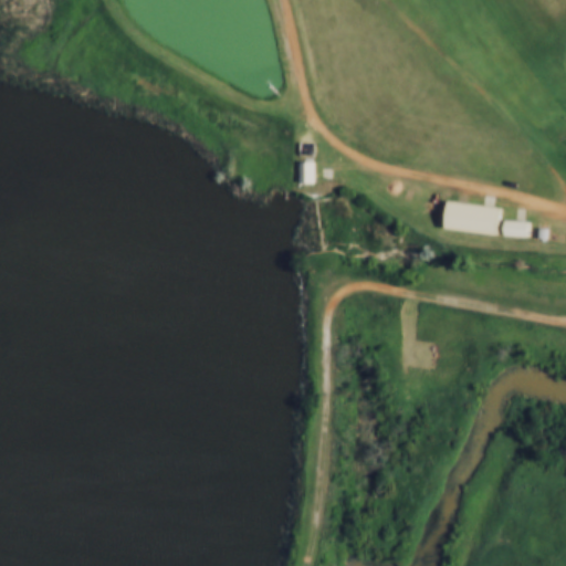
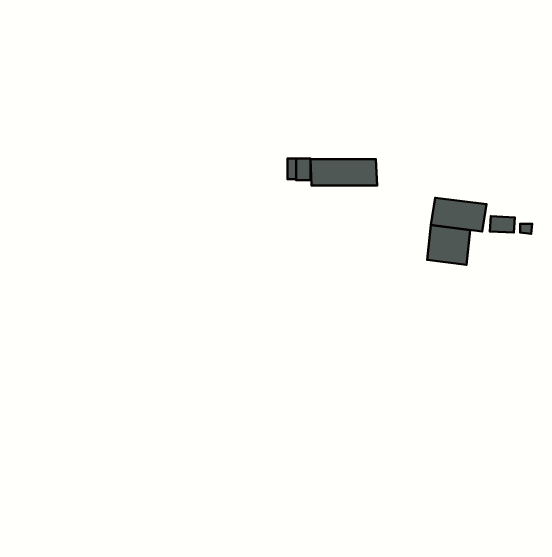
building: none -> [310,159,377,186]
building: none -> [427,225,470,265]

